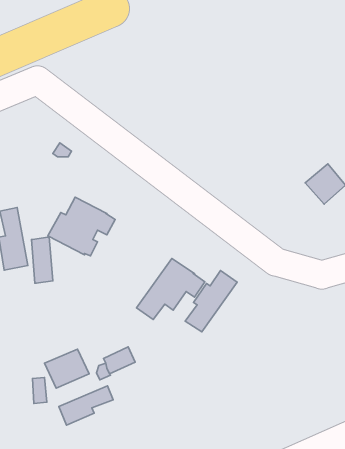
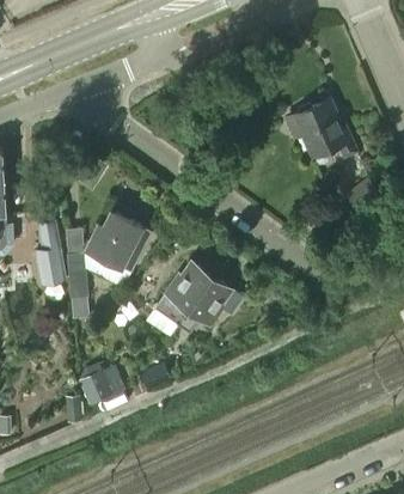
building: none -> [286,100,355,157]
building: [185,270,237,332] -> [155,262,208,324]
building: [59,386,113,425] -> none

